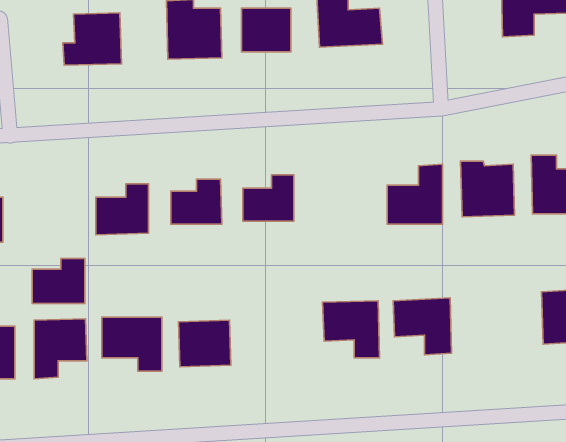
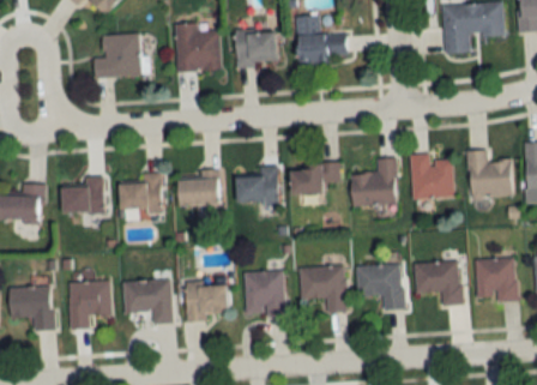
building: none -> [291,163,340,191]
building: [32,259,85,304] -> [62,176,104,212]
building: none -> [416,259,463,303]
building: none -> [246,270,285,317]

